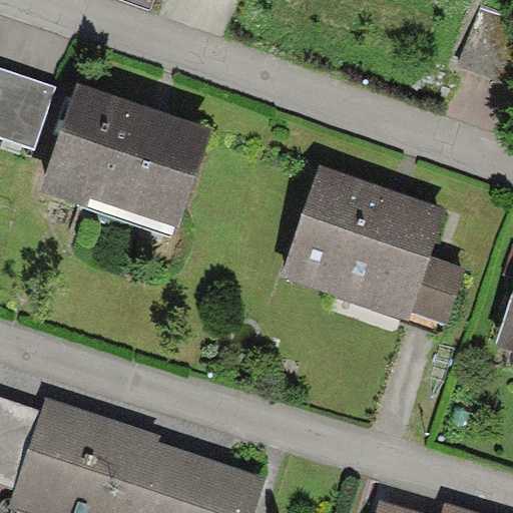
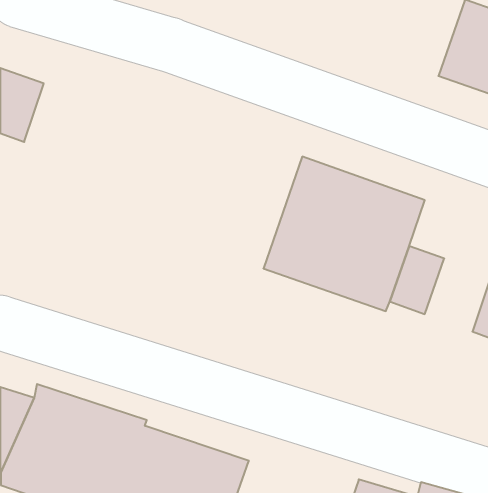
building: [38,81,207,231] -> none

